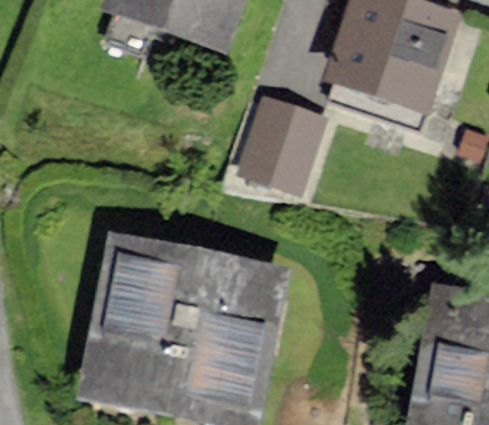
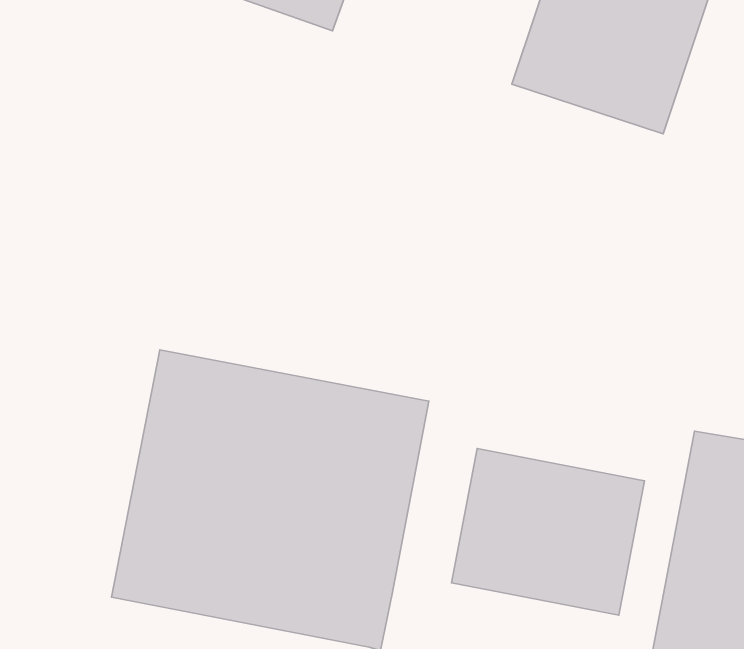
building: [240,102,321,191] -> none
building: none -> [451,448,644,615]

